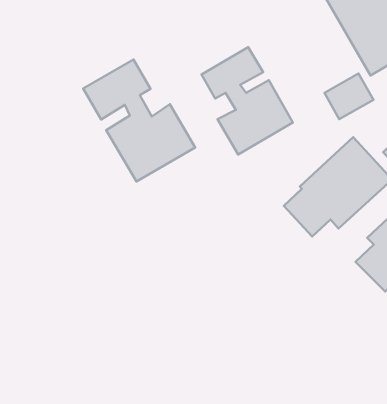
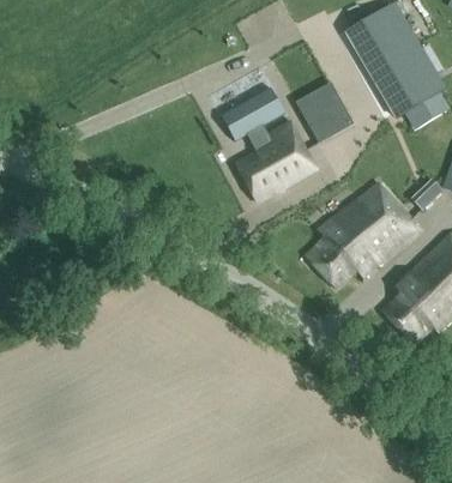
building: [83,60,195,181] -> none
building: [324,74,373,119] -> [300,95,351,143]

